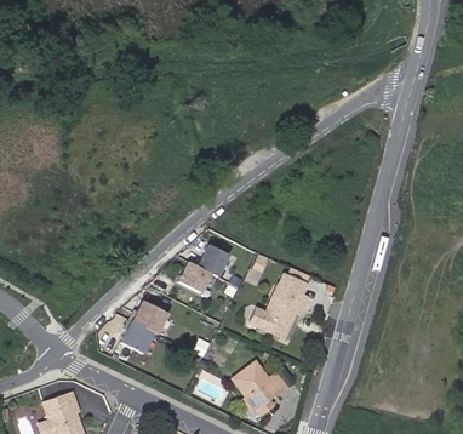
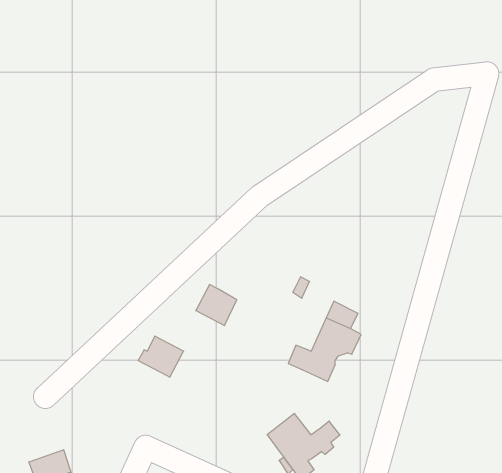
building: [195,242,227,275] -> none
building: [119,320,154,354] -> none

